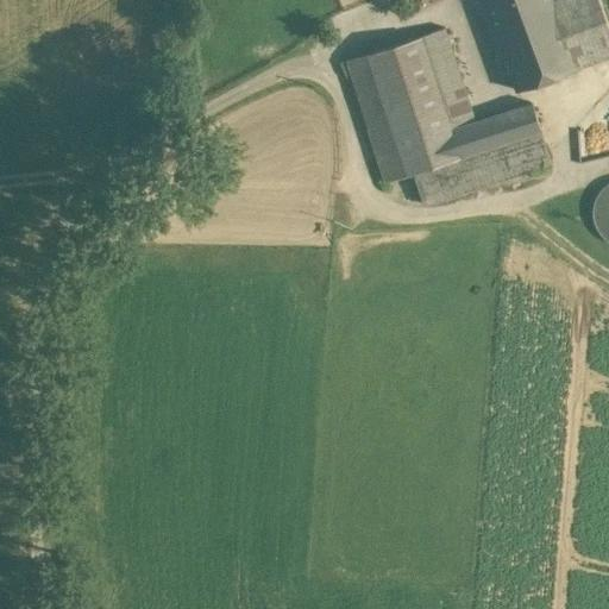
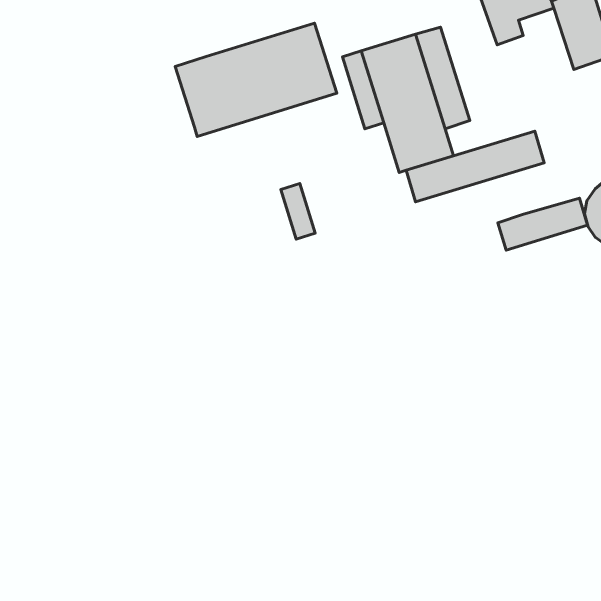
building: [503,8,580,90] -> none
building: none -> [175,23,337,137]
building: [451,105,541,157] -> [498,198,588,250]
building: [370,124,404,180] -> [281,184,315,239]

